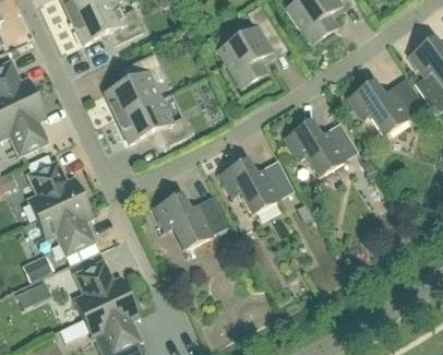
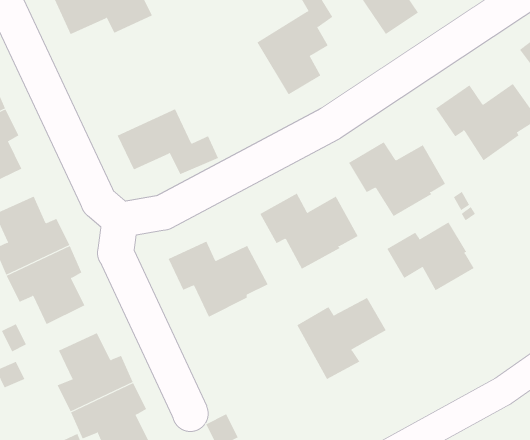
building: [104,54,161,117] -> none
building: none -> [387,222,474,291]
building: none -> [296,297,387,380]

